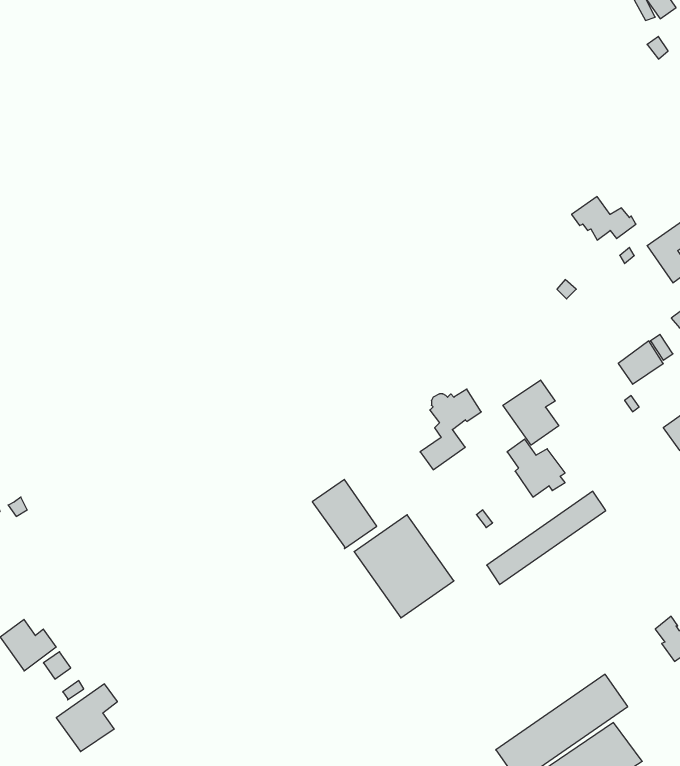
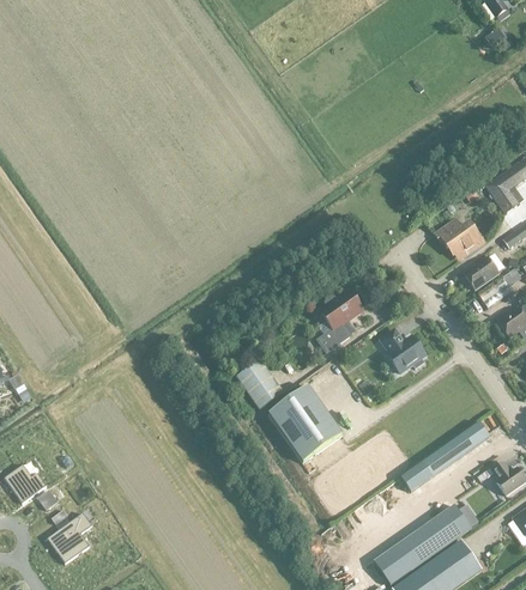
building: [572,197,636,240] -> [435,220,483,253]
building: [503,380,559,445] -> none
building: [487,491,606,585] -> [400,421,489,491]

